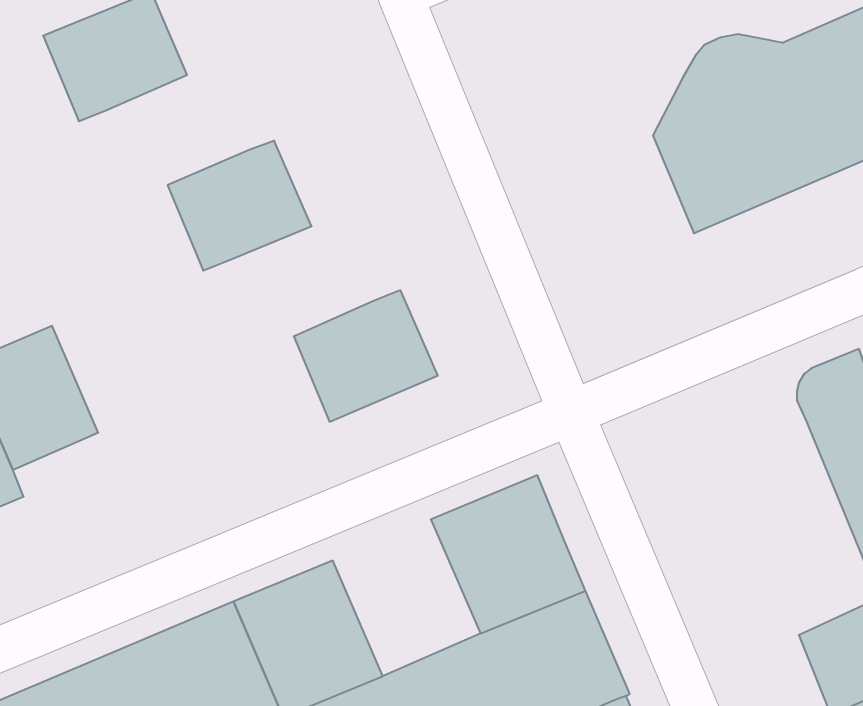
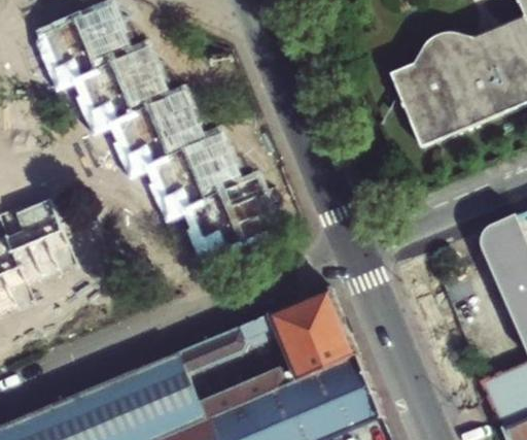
building: none -> [81,49,165,125]
building: none -> [153,136,237,212]
building: none -> [213,312,298,403]

